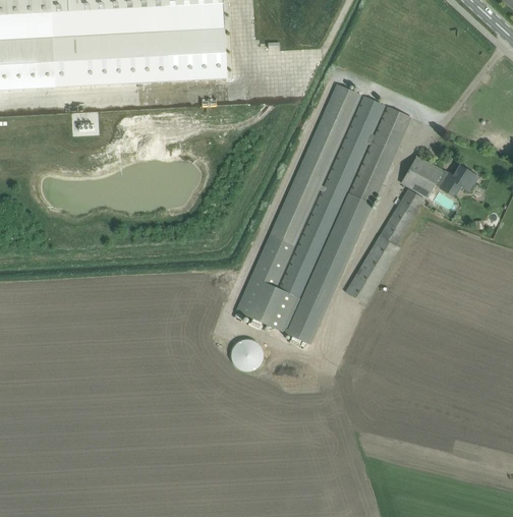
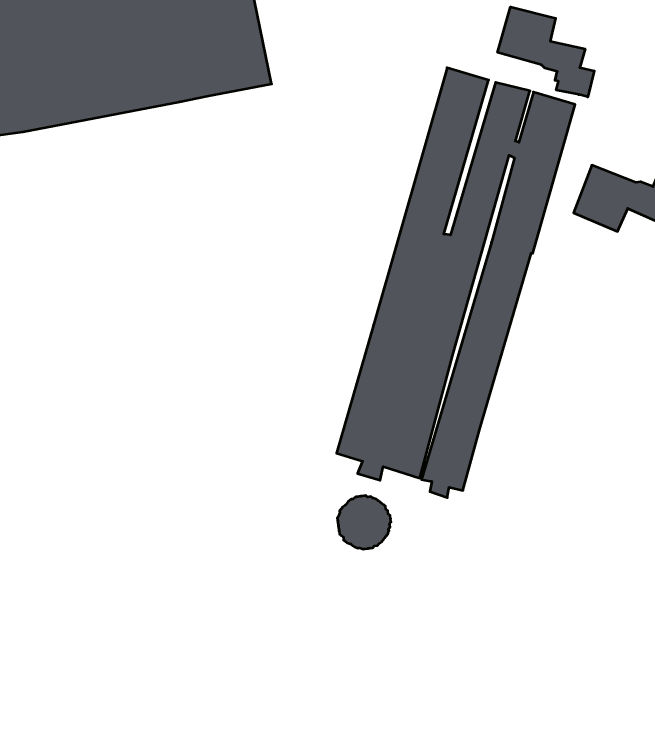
building: none -> [498,7,594,97]
building: [344,189,423,303] -> none

